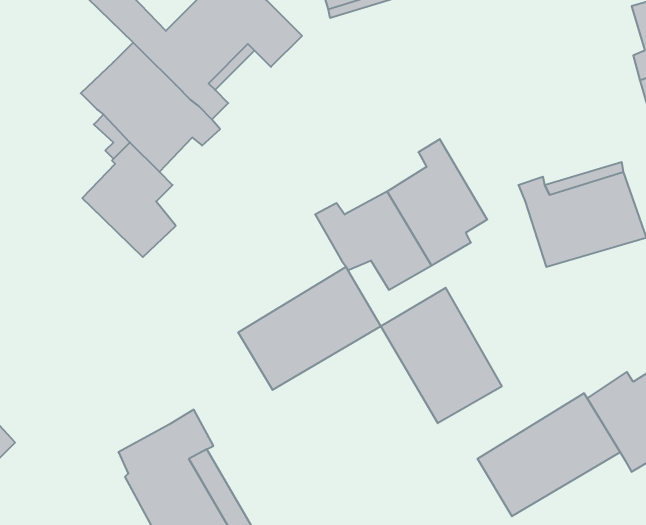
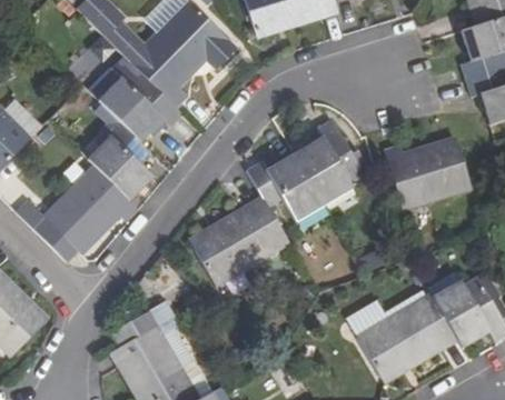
building: none -> [43,164,139,248]
building: [381,288,502,423] -> none

